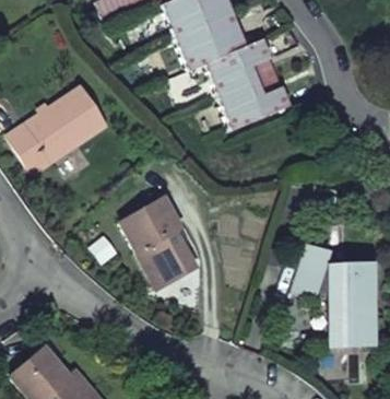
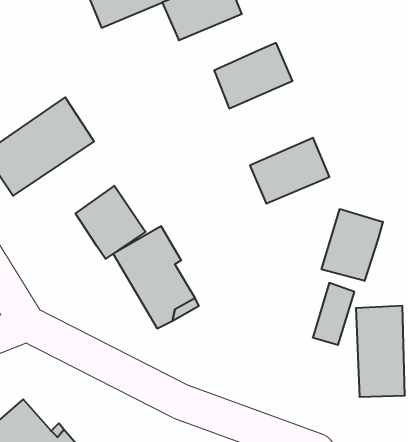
building: [177,14,246,70] -> none
building: [221,72,289,129] -> [250,138,329,204]
building: none -> [76,186,146,259]
building: none -> [322,209,383,281]

